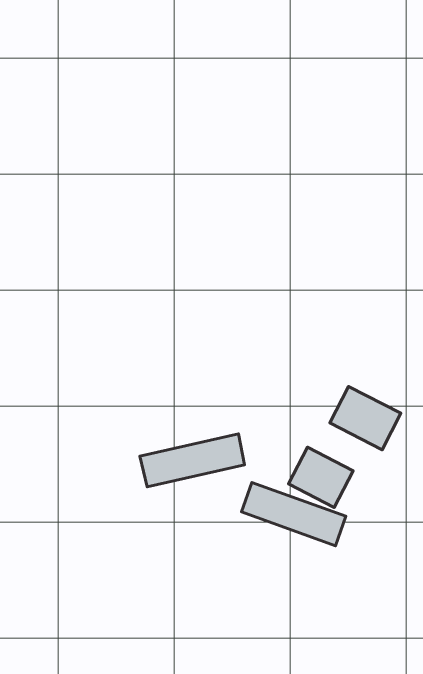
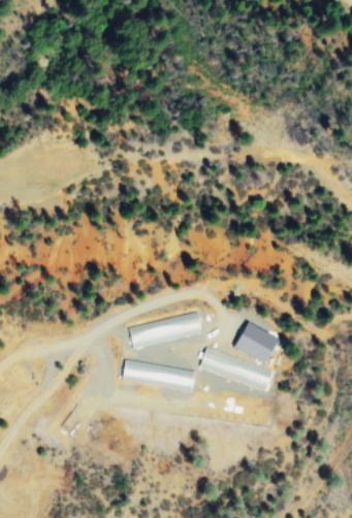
building: [330,386,401,450] -> none
building: none -> [124,359,197,391]

